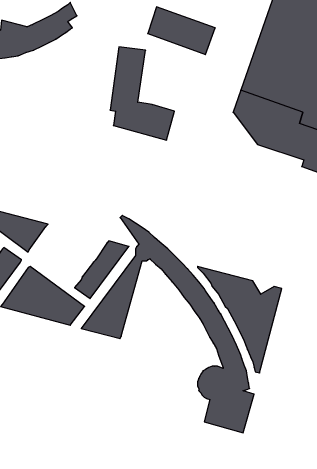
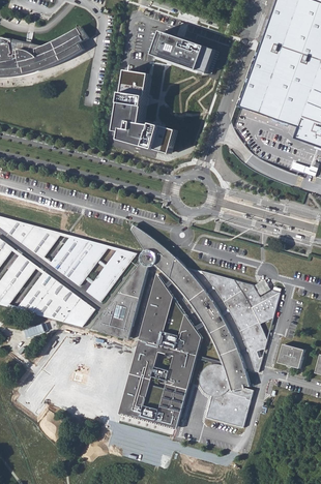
building: none -> [48,235,107,285]
building: none -> [117,272,201,428]
building: none -> [278,344,302,368]

